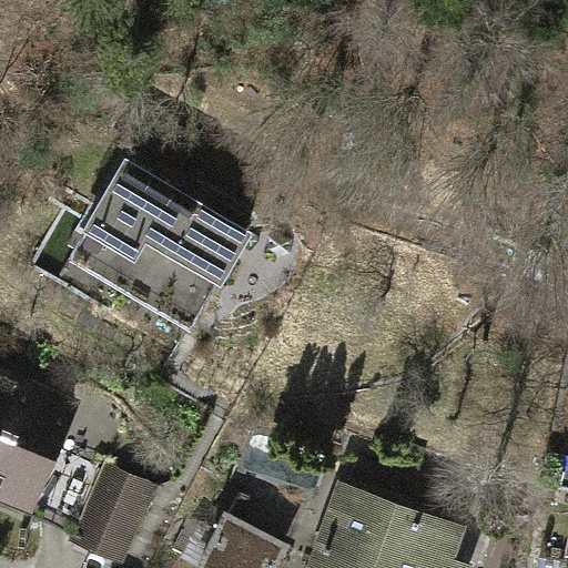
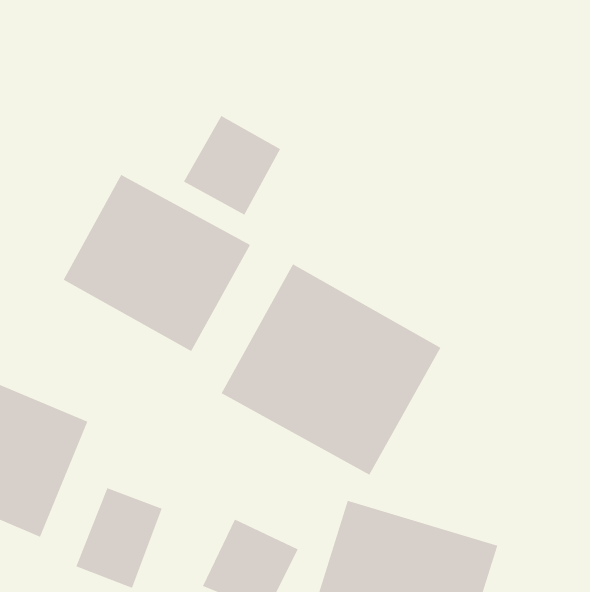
building: none -> [183,115,281,216]
building: none -> [221,264,441,475]

